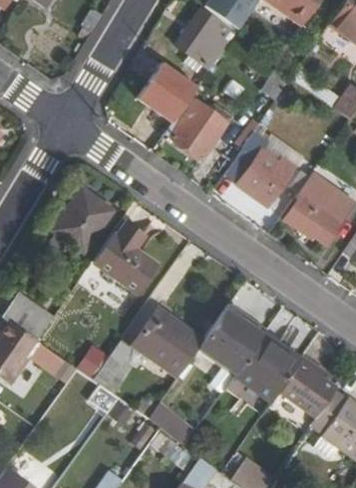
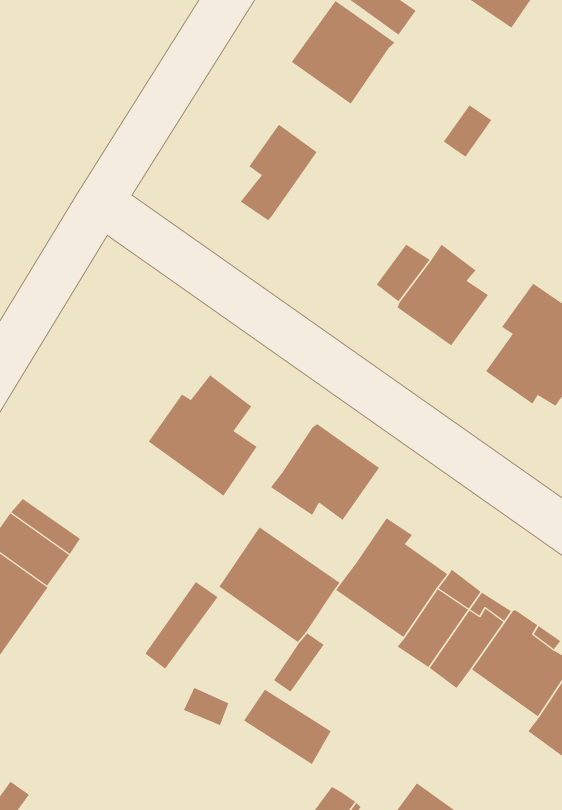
building: [166,95,227,157] -> none
building: [57,191,114,254] -> none
building: none -> [270,423,380,521]

